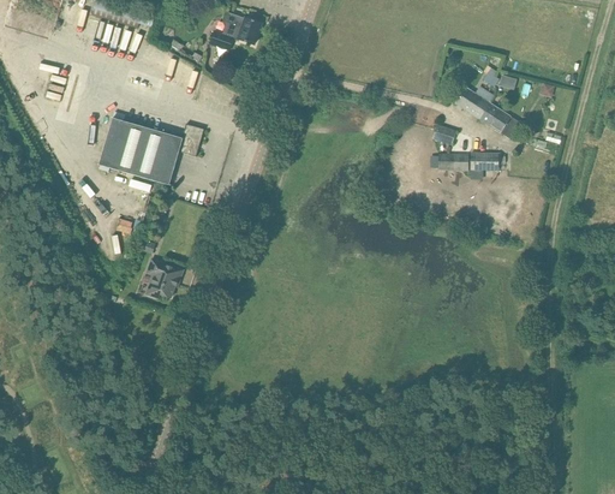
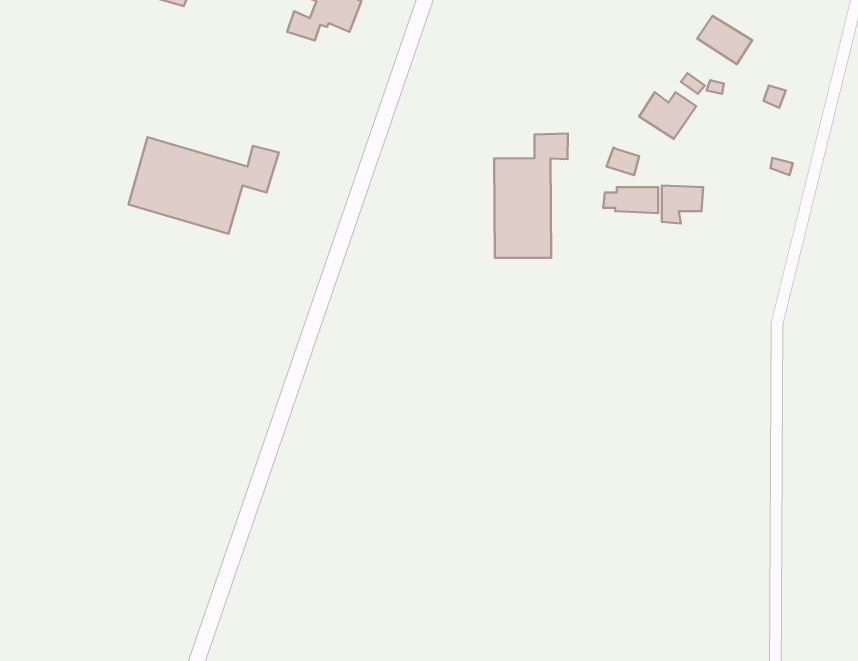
building: [479,102,518,136] -> [697,16,752,64]
building: none -> [494,134,568,258]
building: [148,257,184,297] -> none

